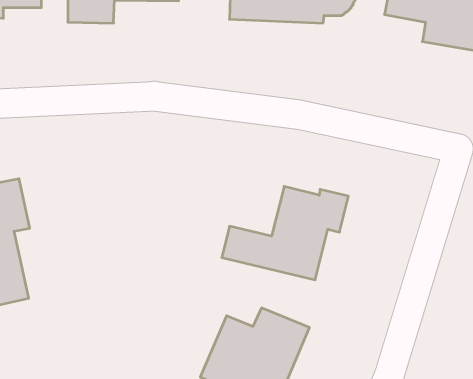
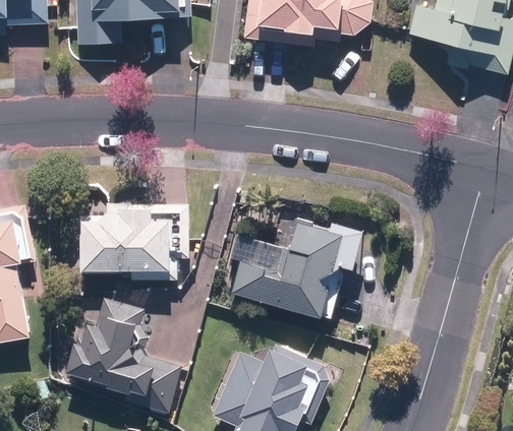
building: none -> [75,203,186,275]
building: none -> [64,296,178,409]

